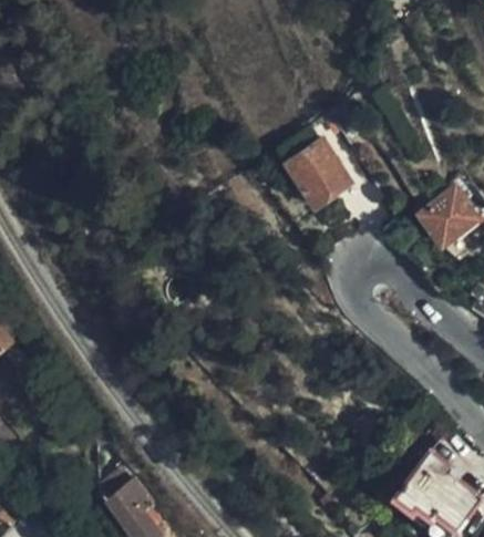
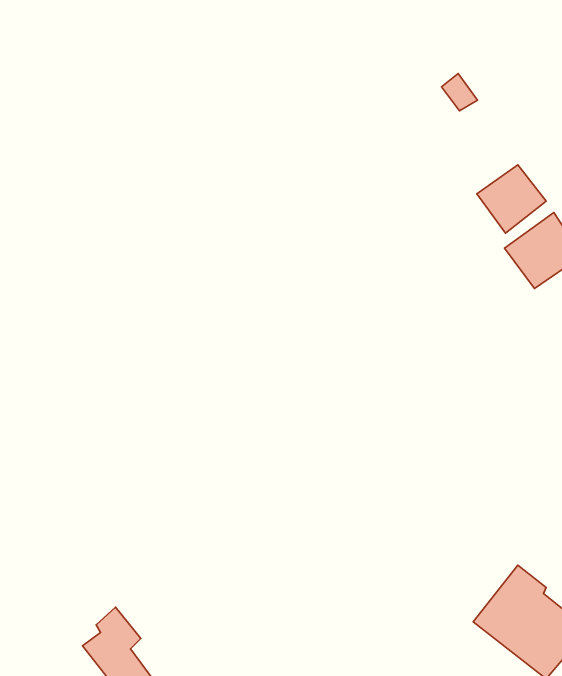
building: [288,142,350,207] -> none
building: none -> [477,165,546,233]

